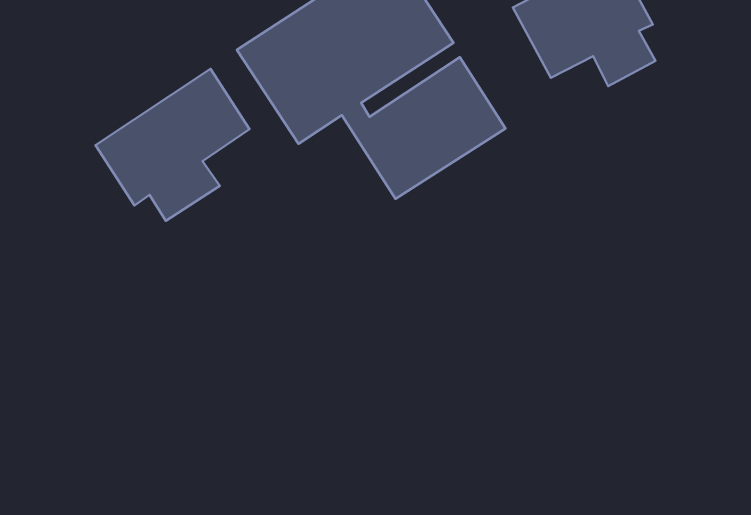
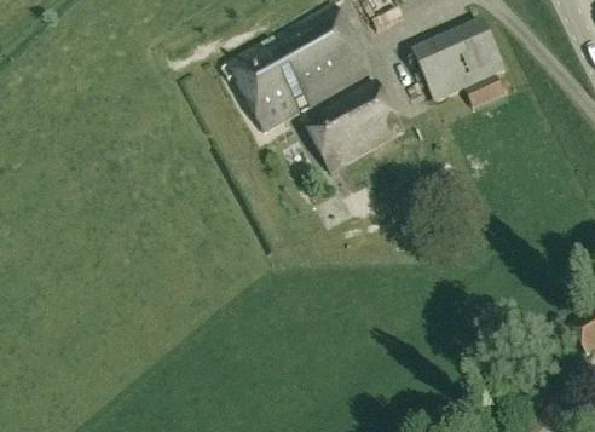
building: [96,69,249,221] -> none

